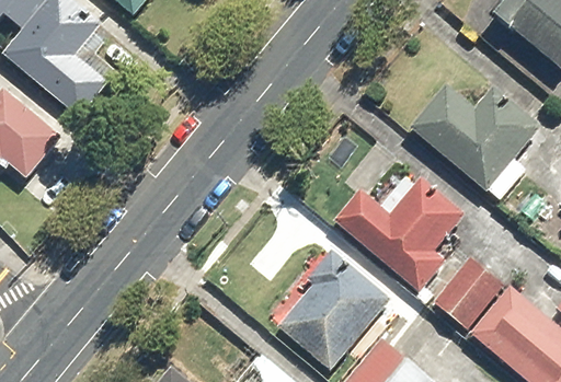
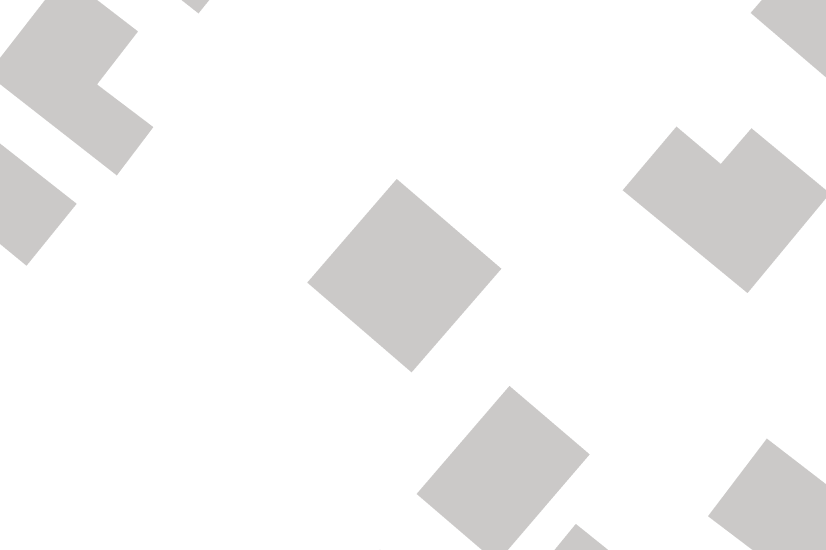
building: none -> [306,178,502,374]
building: [332,175,465,293] -> none
building: [431,261,492,324] -> none

